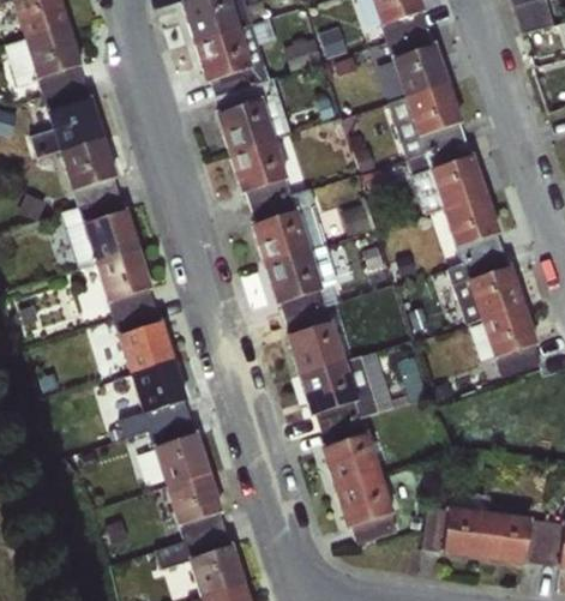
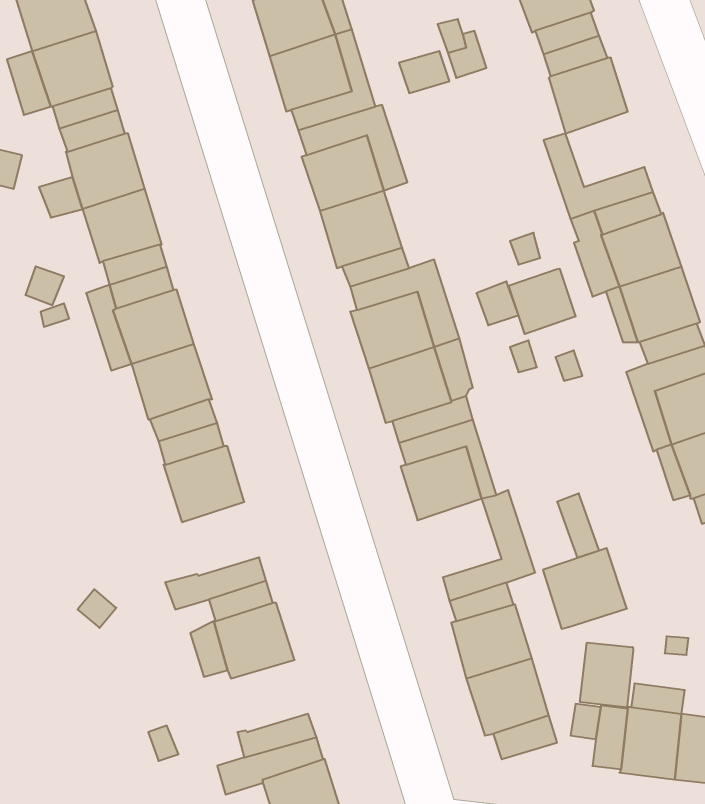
building: [405,84,463,138] -> none
building: none -> [509,269,576,334]
building: [300,360,360,417] -> [543,548,627,629]
building: [132,362,188,415] -> none
building: none -> [580,643,633,708]
building: [167,475,223,527] -> none

